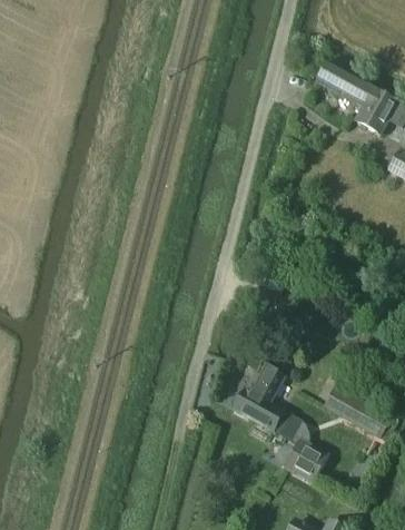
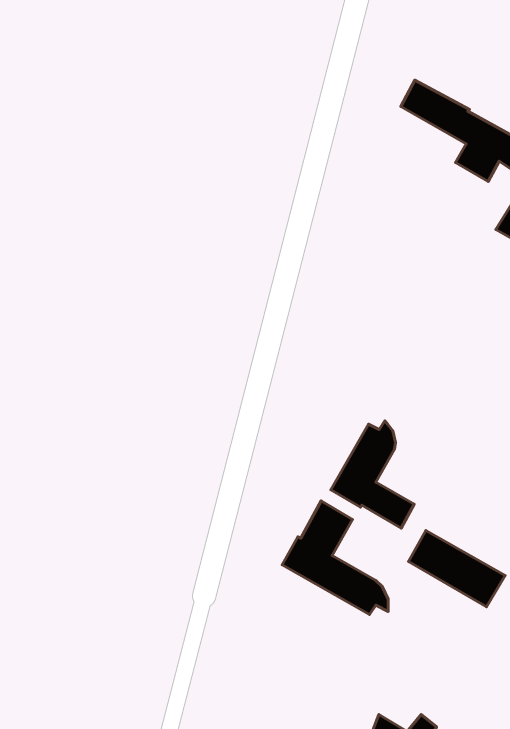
building: none -> [331,421,414,528]
building: [281,436,327,483] -> none

